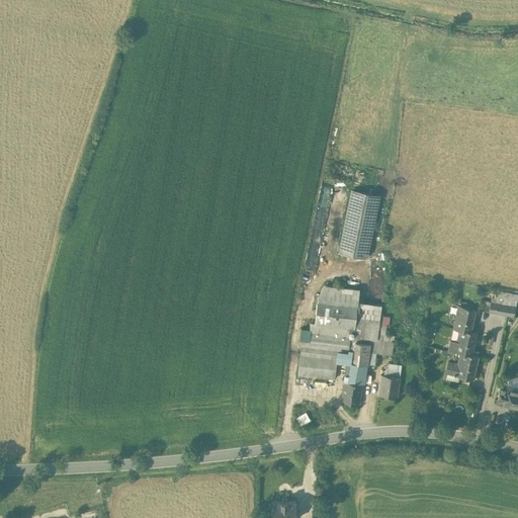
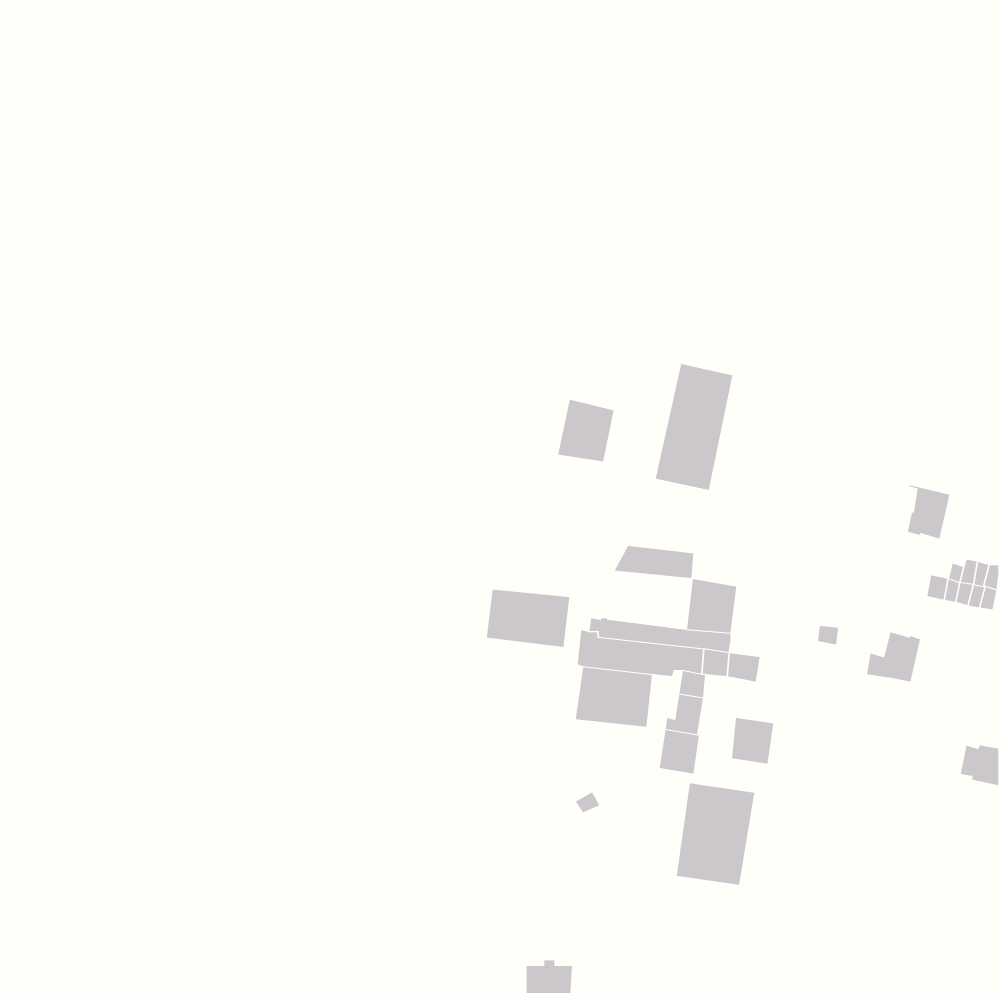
building: none -> [557,399,614,462]
building: [315,298,358,329] -> [486,589,570,648]
building: [452,305,476,333] -> [905,485,950,539]
building: [446,354,479,382] -> none
building: none -> [676,782,755,886]

